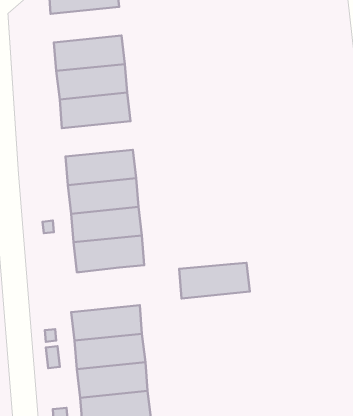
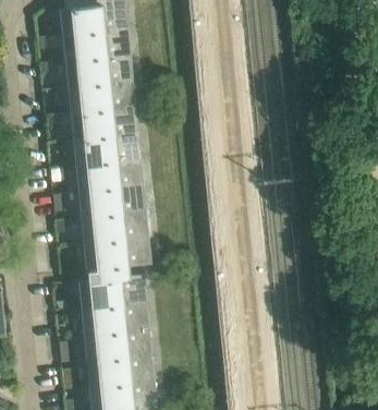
building: none -> [61,17,129,51]
building: none -> [72,126,139,160]
building: [179,263,250,298] -> [78,275,146,309]

